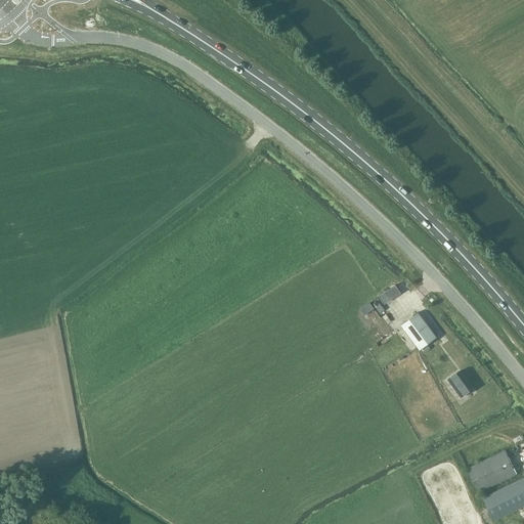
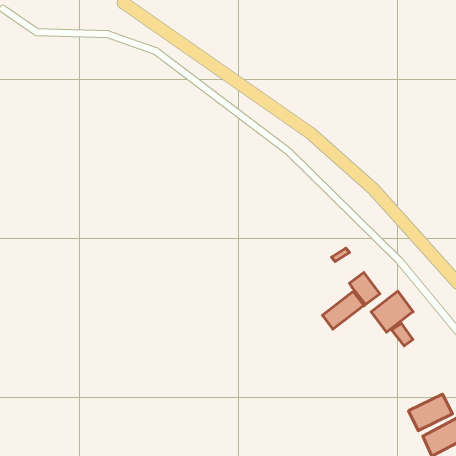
building: none -> [371,292,413,332]
building: none -> [322,292,364,329]

